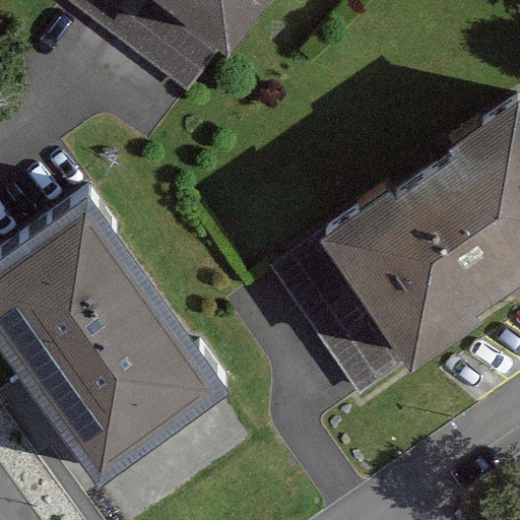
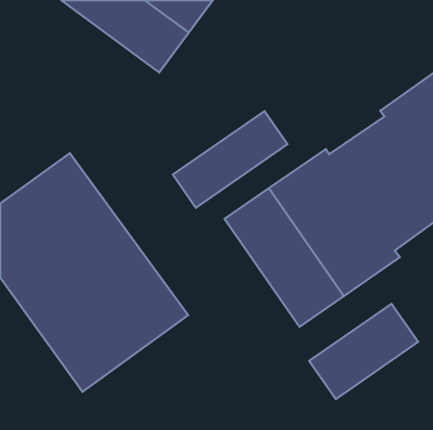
building: none -> [173,111,288,208]
building: none -> [309,304,418,399]

